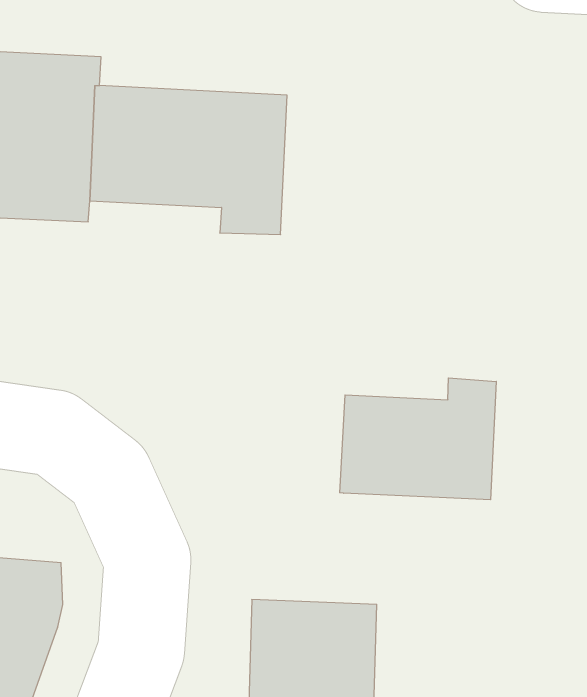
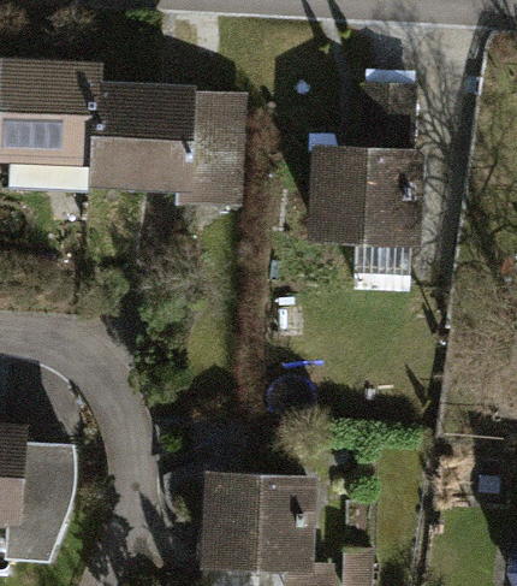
building: none -> [319,85,417,286]
building: [340,378,496,500] -> none

